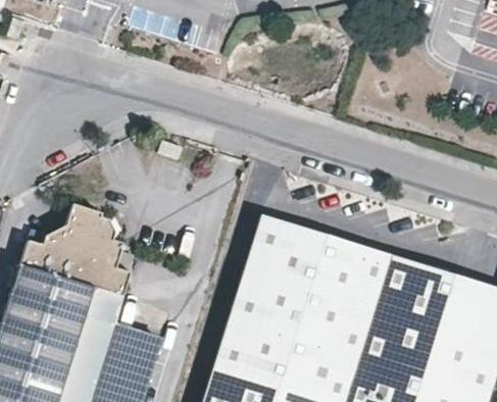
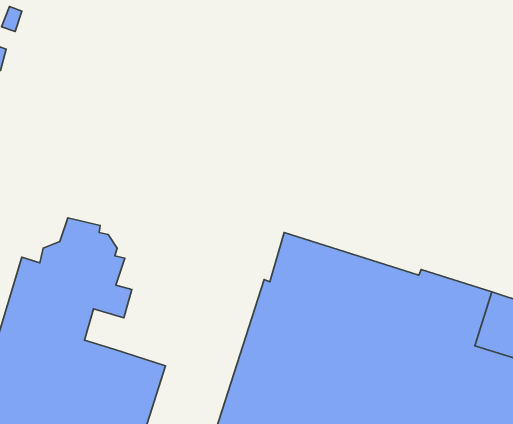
building: [247,215,390,266] -> none
building: [84,291,119,328] -> none

